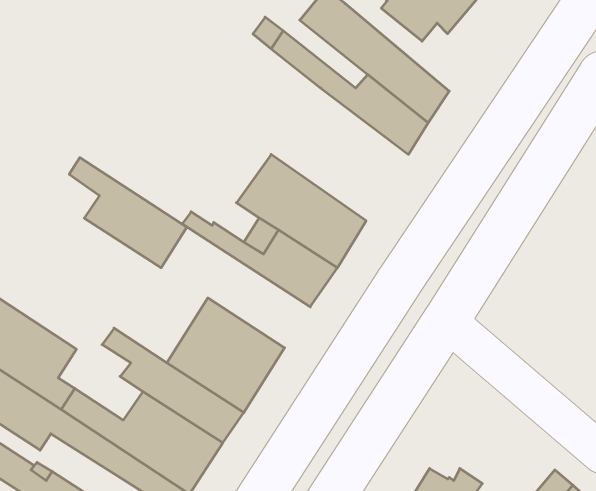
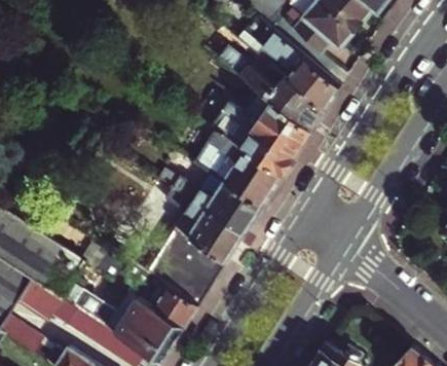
building: none -> [213,85,311,176]
building: [69,158,187,268] -> [164,187,245,262]

